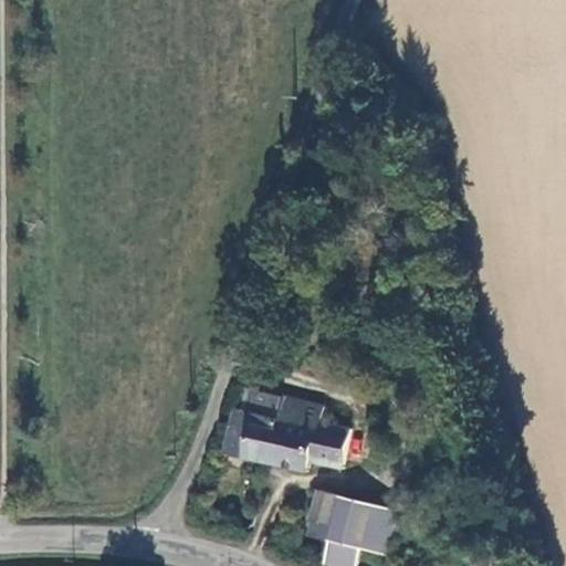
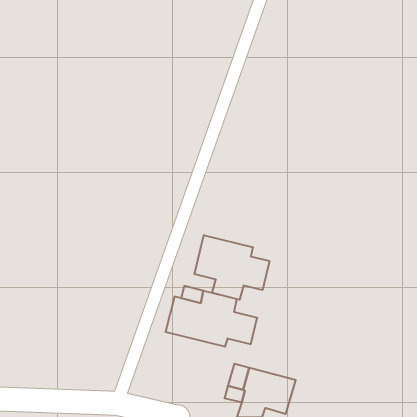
building: none -> [195,235,269,300]

